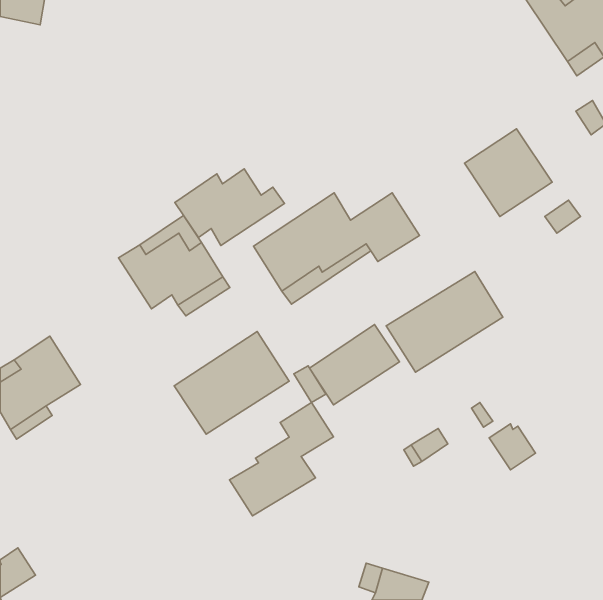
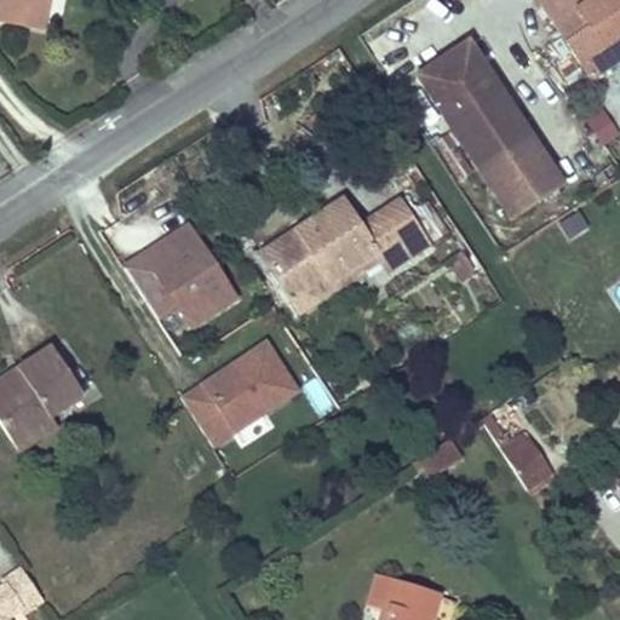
building: none -> [415,38,530,167]
building: [175,169,284,246] -> none
building: [386,271,503,372] -> none
building: [310,325,399,405] -> none
building: [230,402,333,516] -> none

